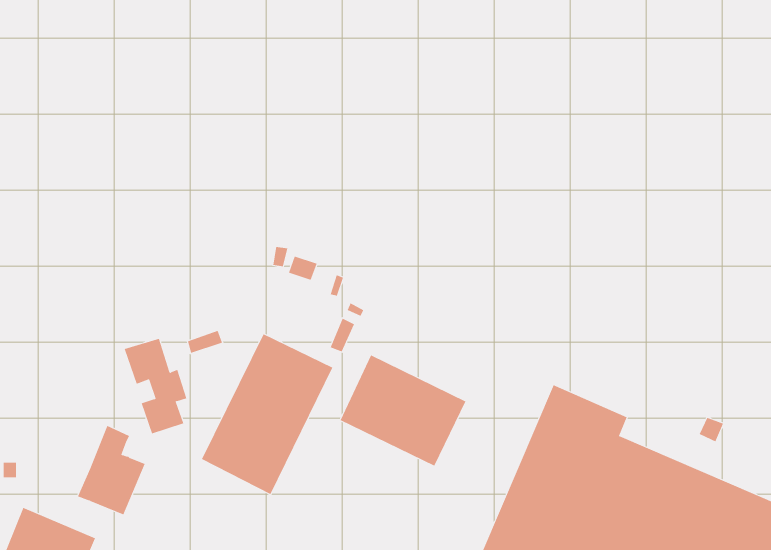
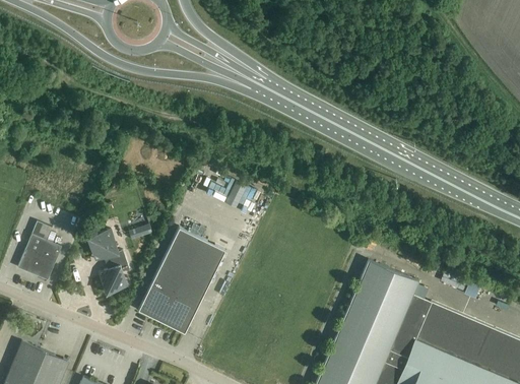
building: [340,354,466,466] -> none
building: [77,425,145,515] -> [17,221,62,280]

